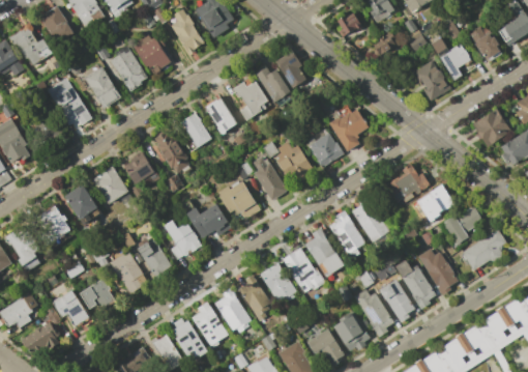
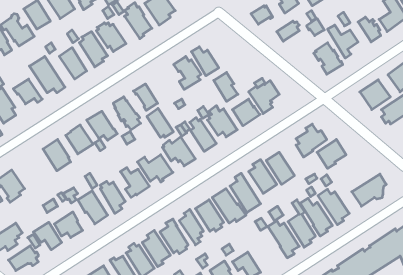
building: [275,51,306,88] -> [214,72,238,101]
building: [204,96,238,134] -> [147,108,173,137]
building: [33,205,69,242] -> none
building: [441,205,482,245] -> none
building: [333,314,370,351] -> none

